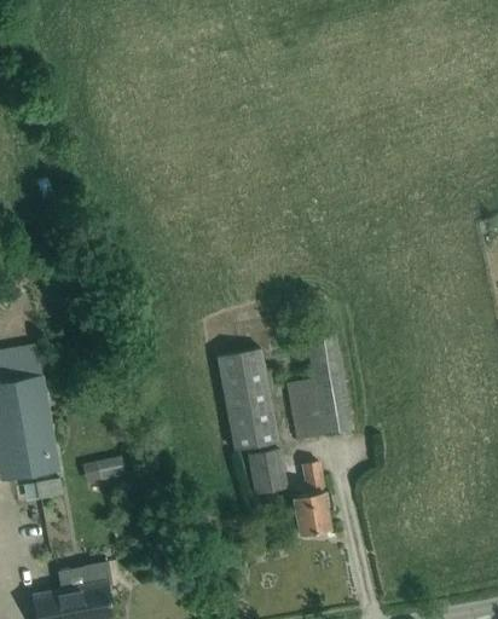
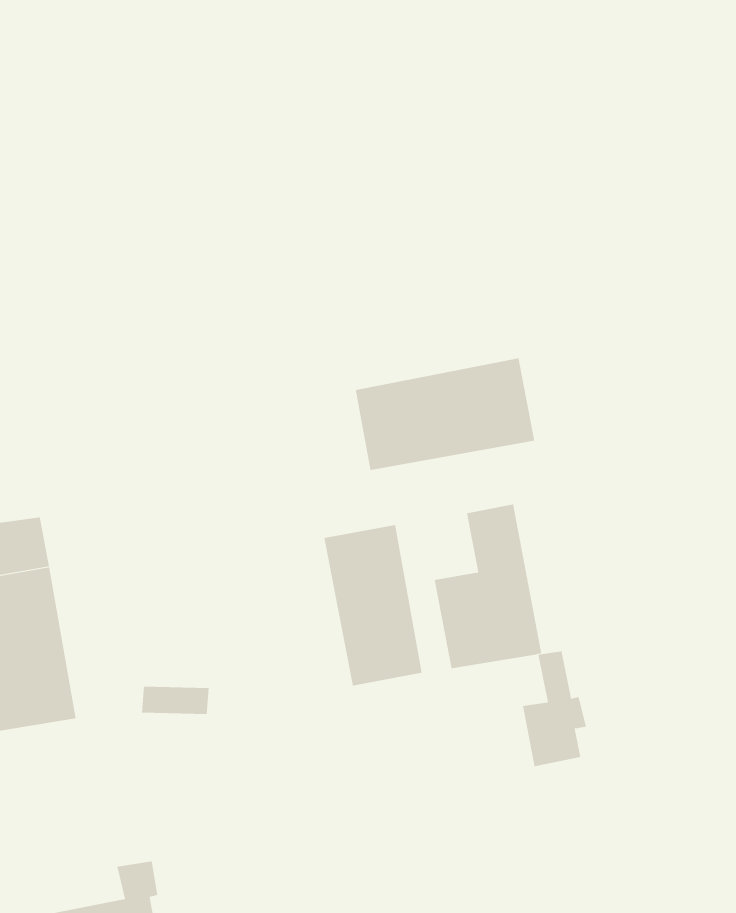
building: none -> [355,358,535,471]
building: [248,450,285,496] -> none
building: [291,463,332,537] -> [522,651,587,767]

